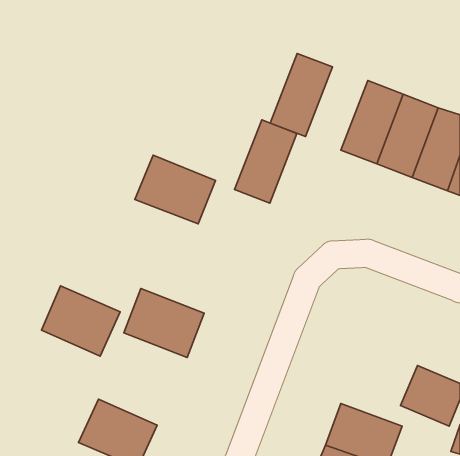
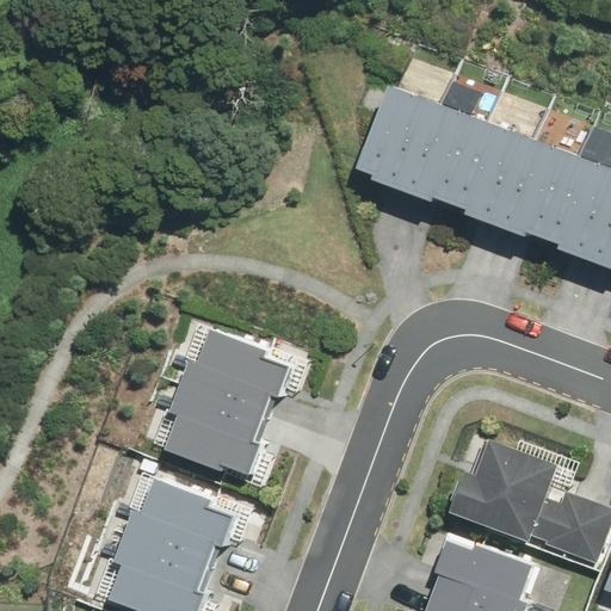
building: [235,120,297,203] -> [403,97,486,206]
building: [135,155,215,224] -> [186,331,292,421]
building: [41,286,120,356] -> [130,476,234,569]
building: none -> [444,445,556,558]

